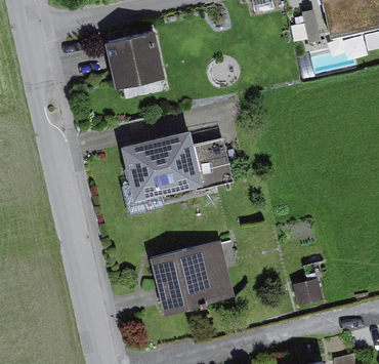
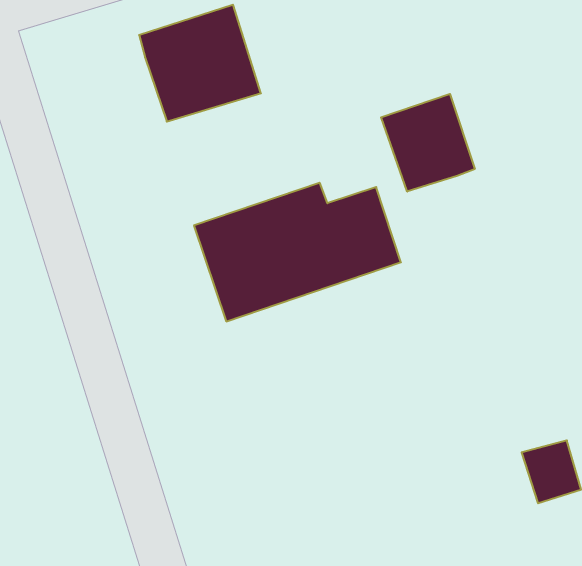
building: none -> [381,94,475,192]
building: [152,236,233,307] -> none

